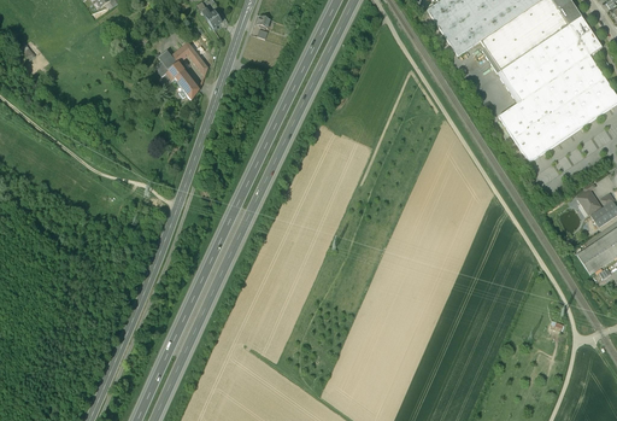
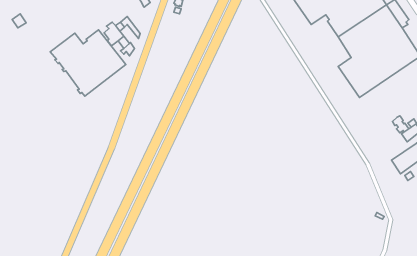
building: none -> [50,30,126,96]

